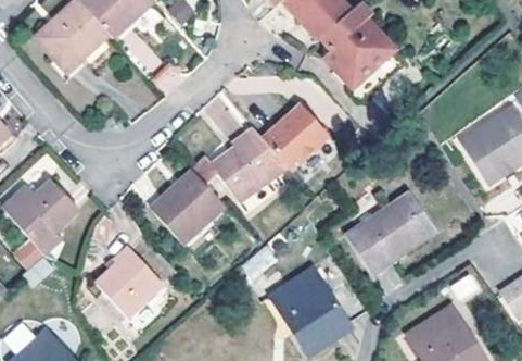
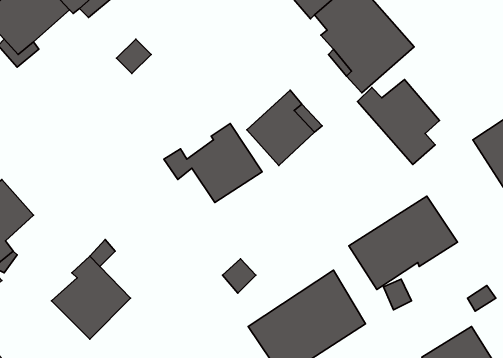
building: none -> [357,80,440,164]
building: [155,174,228,246] -> none

